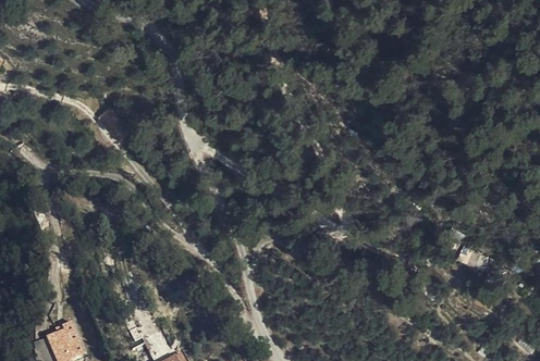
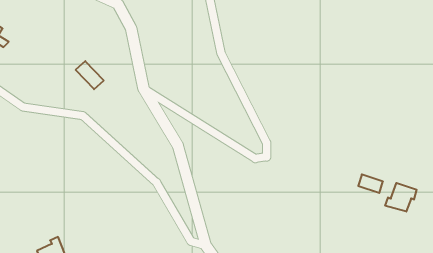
building: none -> [385,183,417,212]

